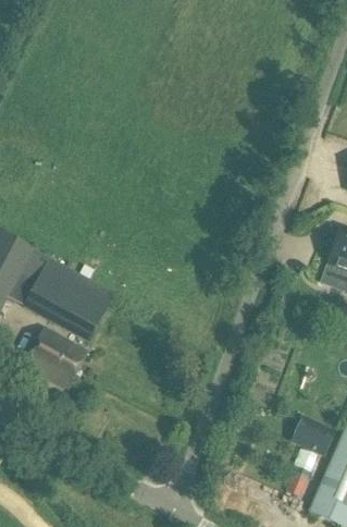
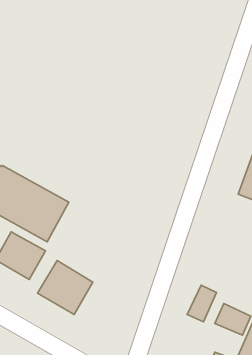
building: none -> [38,260,93,315]
building: none -> [187,285,216,322]

